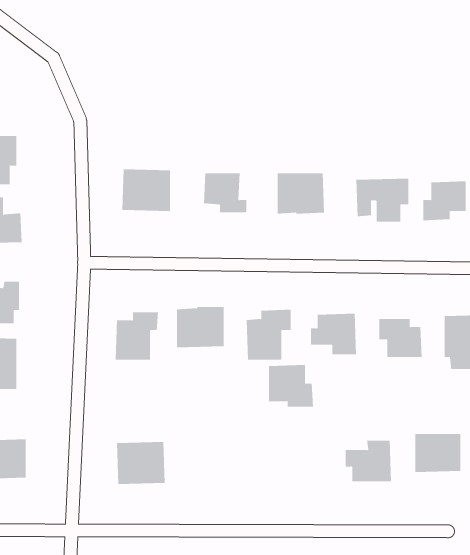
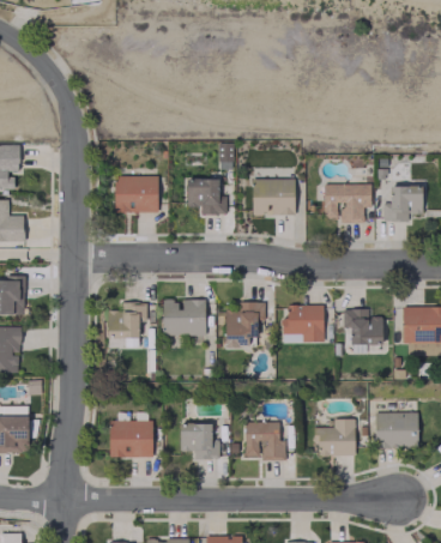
building: [268,364,314,407] -> [246,422,286,460]
building: none -> [180,426,220,459]

